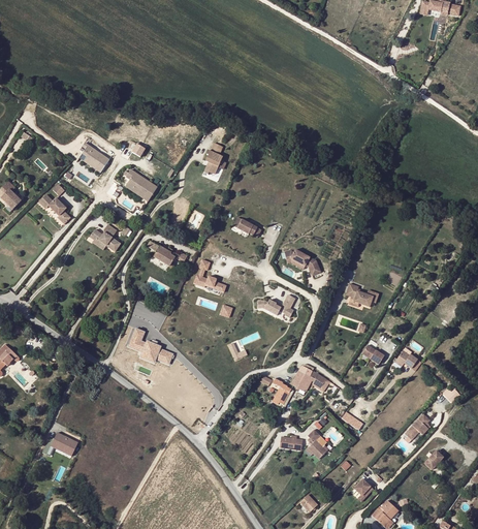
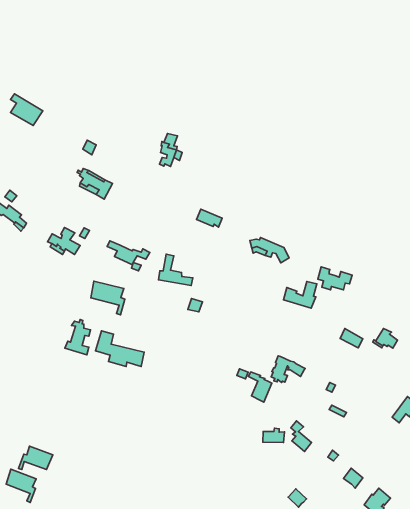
building: [78,141,109,173] -> [11,94,43,126]
building: none -> [91,281,125,315]
building: [262,293,295,319] -> [284,282,317,308]
building: none -> [65,319,91,355]
building: none -> [6,469,36,503]

